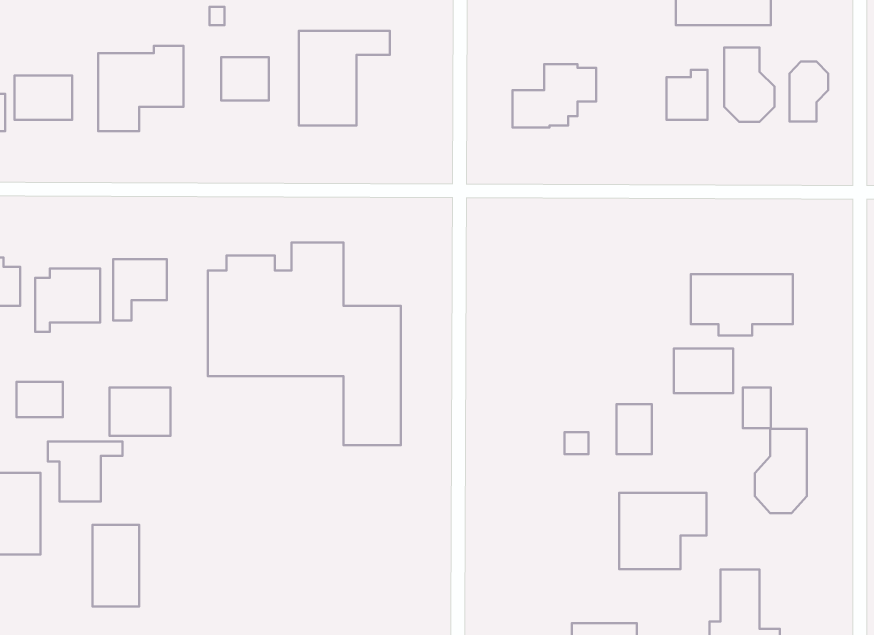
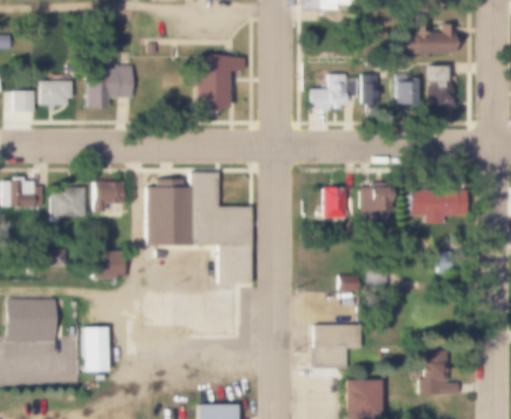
building: [221,57,269,101] -> none
building: [790,61,828,122] -> none
building: none -> [363,74,379,106]
building: none -> [323,188,346,218]
building: [674,349,733,393] -> [360,188,392,212]
building: [755,429,807,513] -> none
building: [48,441,122,501] -> none
building: [619,493,707,569] -> [314,325,362,366]

